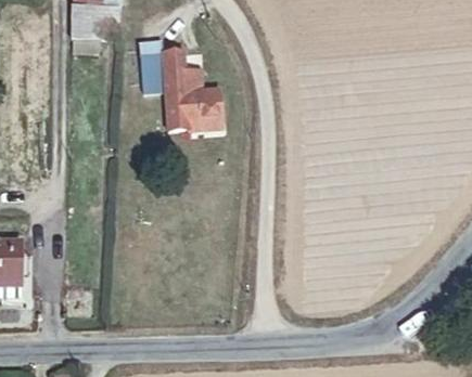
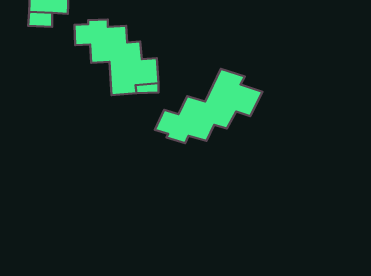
building: none -> [155,69,263,143]

